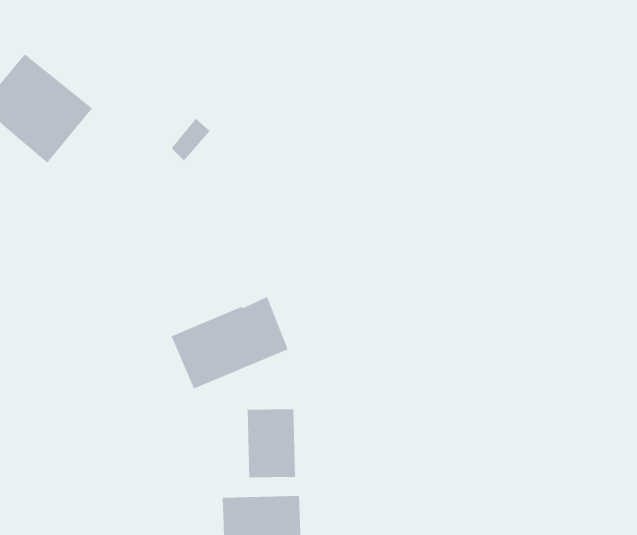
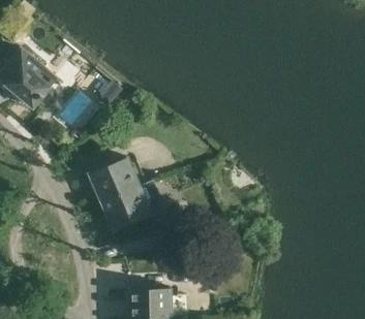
building: none -> [87,155,138,199]
building: [247,408,295,478] -> none

